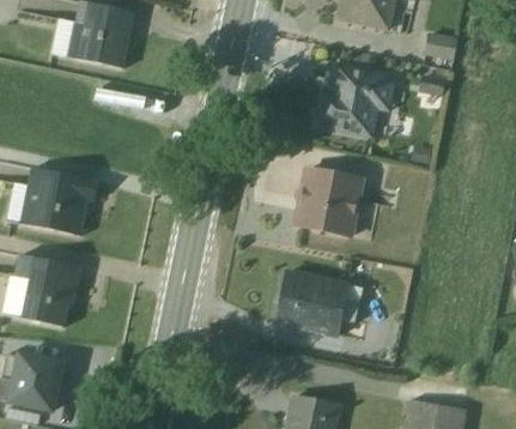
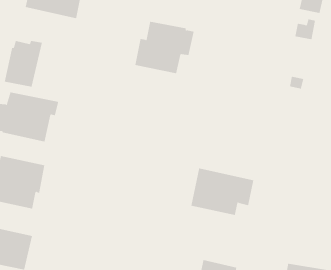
building: [315,65,396,137] -> [134,21,194,74]
building: none -> [4,40,42,87]
building: [295,167,365,235] -> none

